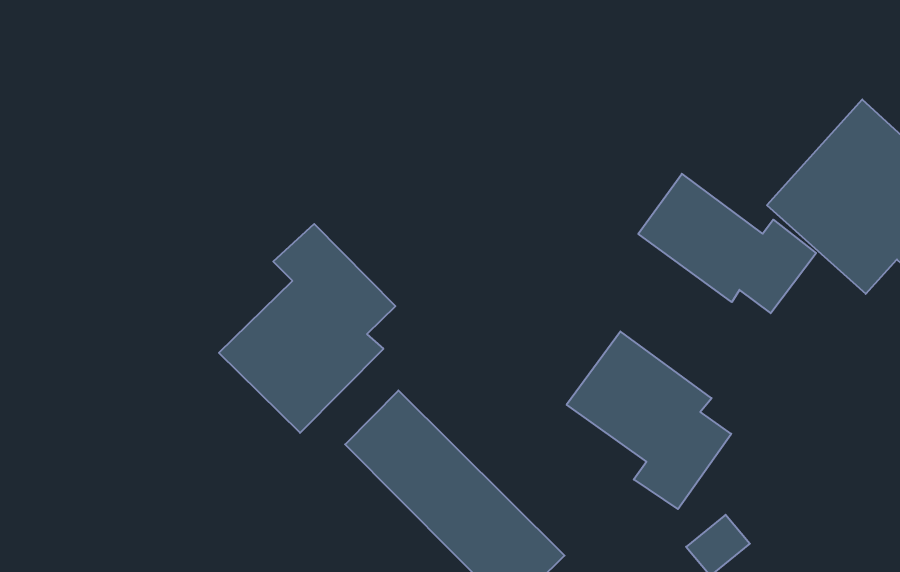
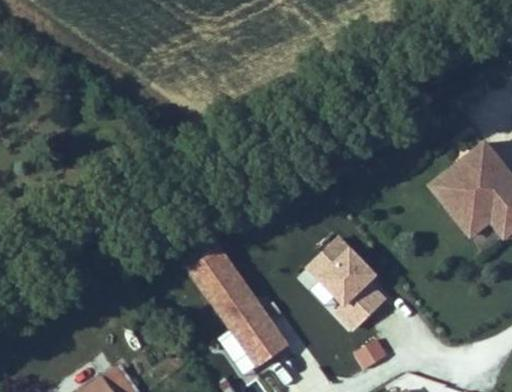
building: [638,174,816,313] -> none
building: [219,224,395,433] -> none

